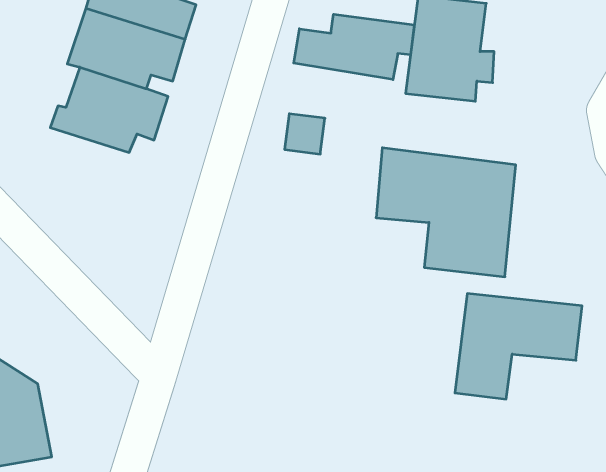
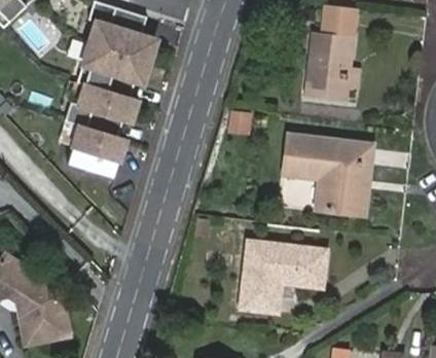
building: [294,14,414,80] -> none
building: none -> [60,117,130,175]
building: [455,294,582,399] -> [239,246,323,316]

